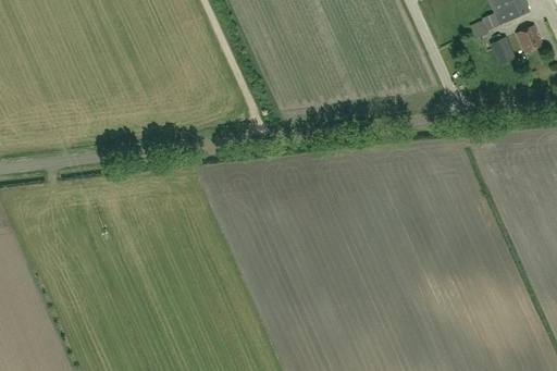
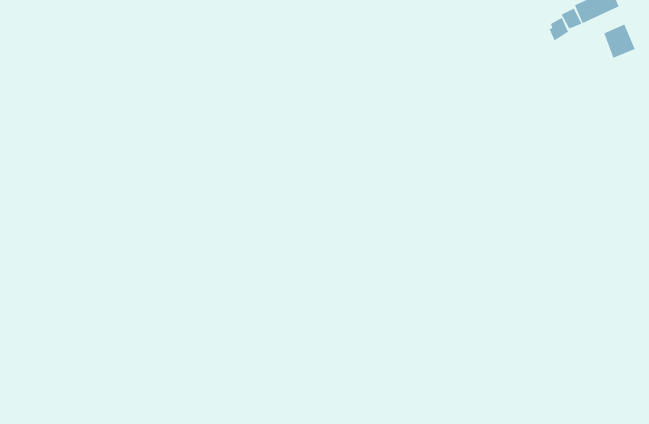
building: [490,35,516,64] -> none

